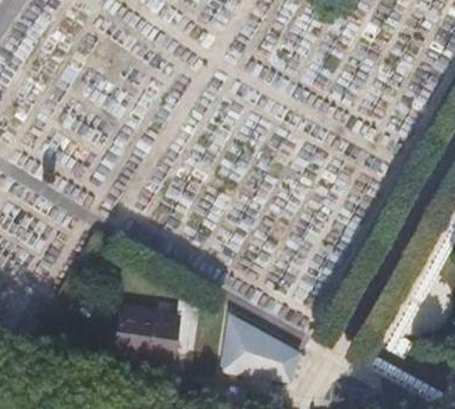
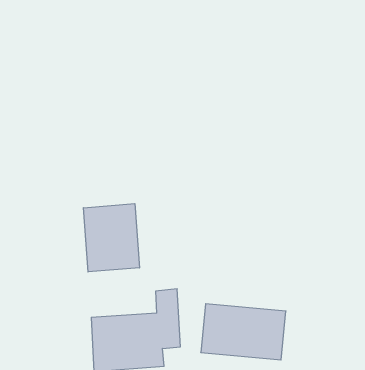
building: none -> [83,204,139,272]

